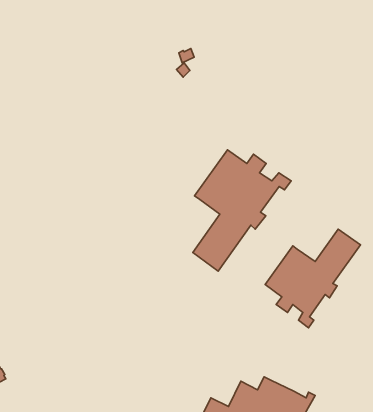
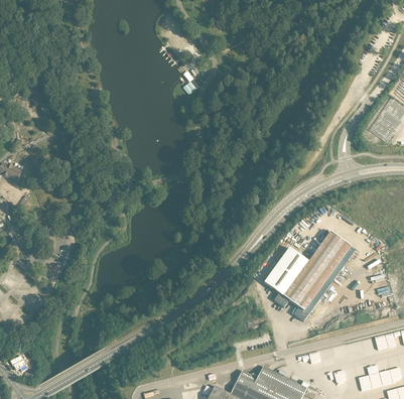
building: [193,150,291,271] -> none

